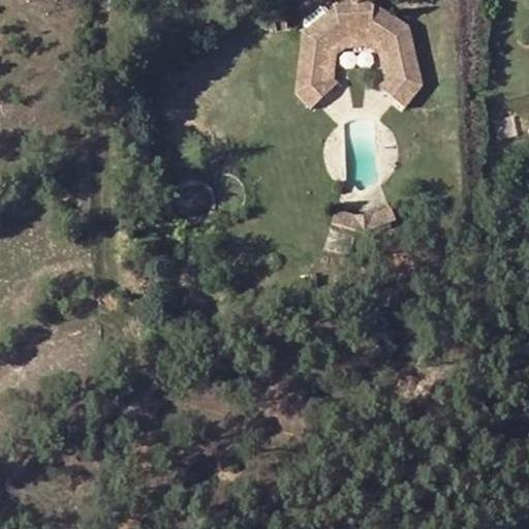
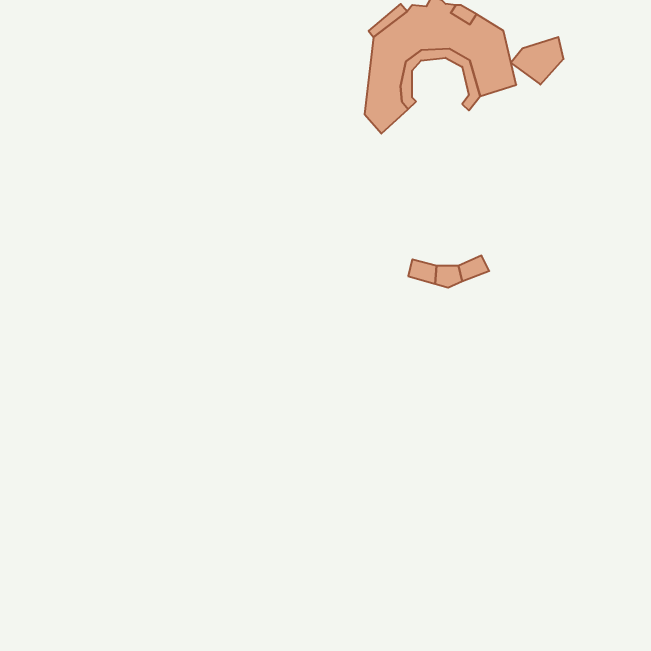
building: [381,68,424,106] -> [511,37,564,85]

